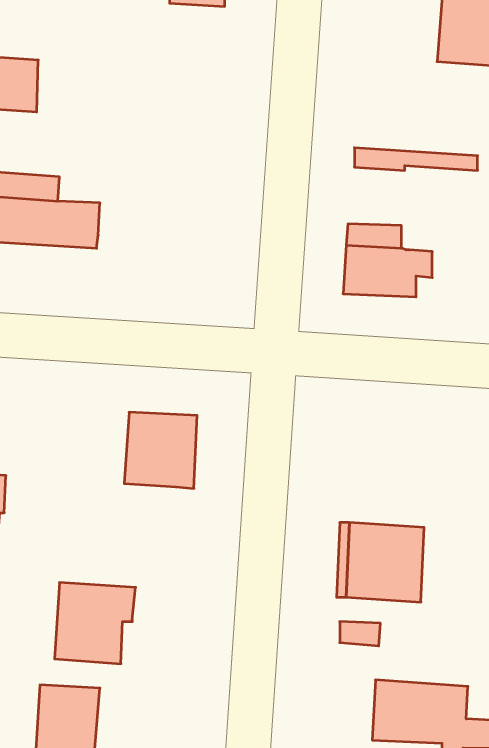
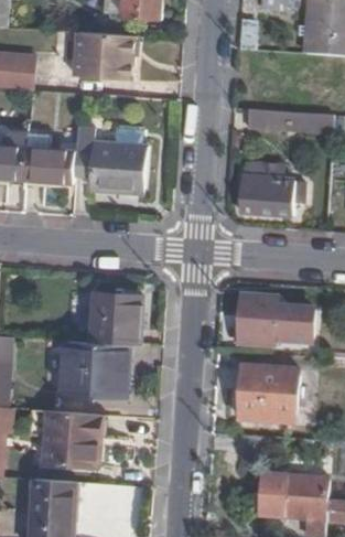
building: none -> [73,32,133,80]
building: none -> [74,128,144,192]
building: none -> [241,298,312,343]
building: none -> [63,341,127,394]

